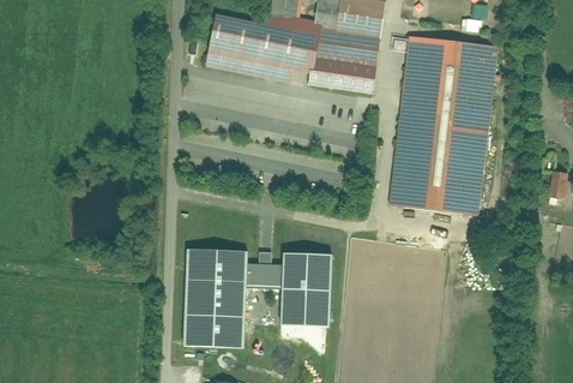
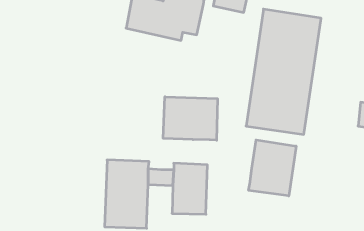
building: [313,23,384,90] -> none
building: none -> [163,97,217,140]
building: none -> [249,140,296,196]

